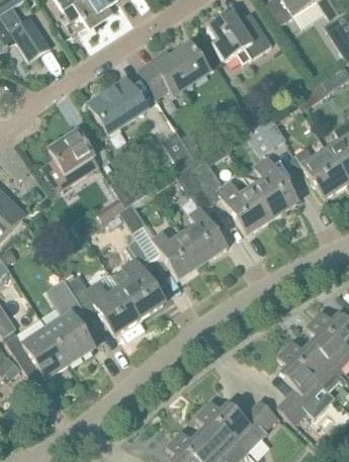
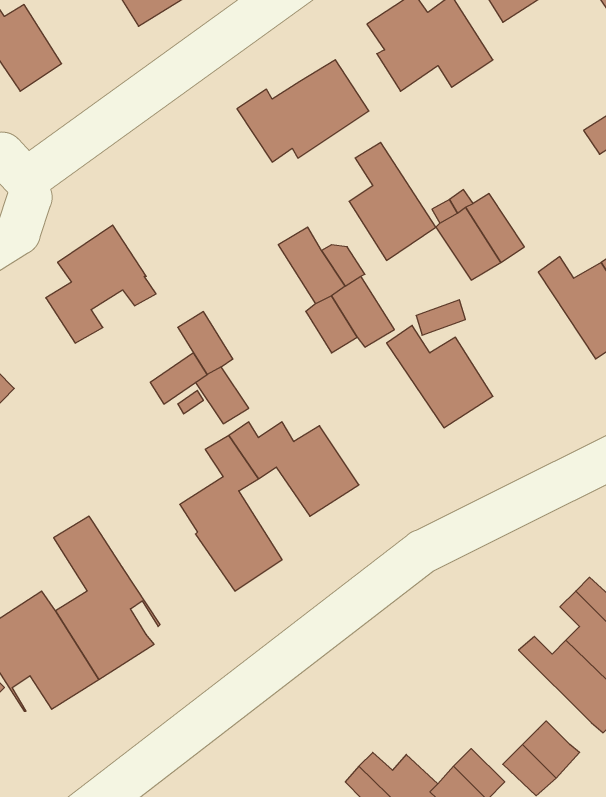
building: [88,80,146,134] -> none
building: [252,158,296,218] -> [349,142,436,260]
building: [182,207,227,264] -> none
building: [66,275,139,335] -> none
building: [276,349,322,397] -> none

